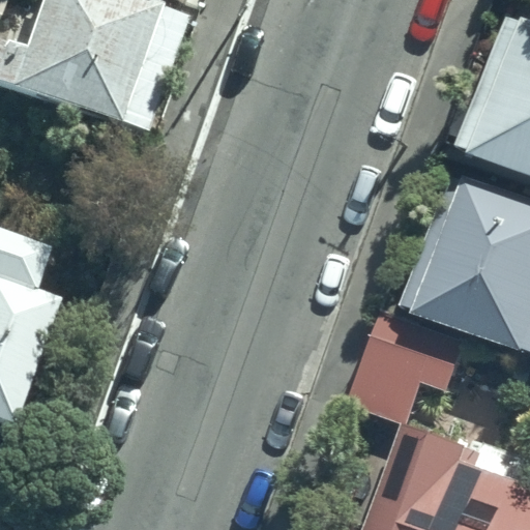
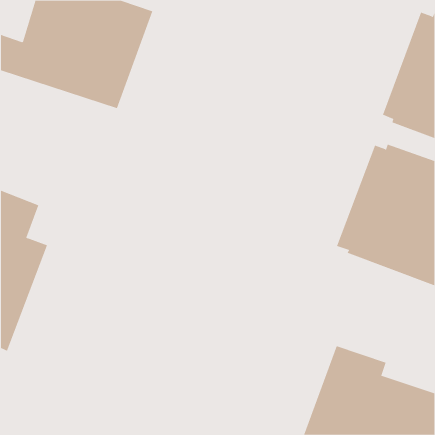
building: [353,326,466,419] -> none

